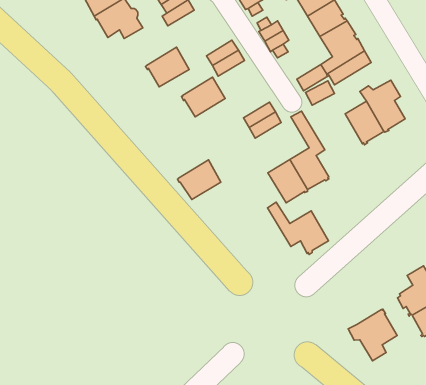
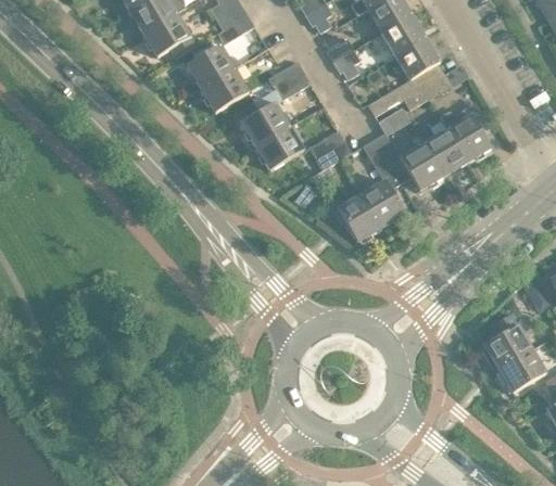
building: none -> [186,43,242,88]
building: [177,160,221,200] -> [254,125,303,169]
building: [267,202,328,254] -> [375,132,443,191]
building: [348,309,397,361] -> none

